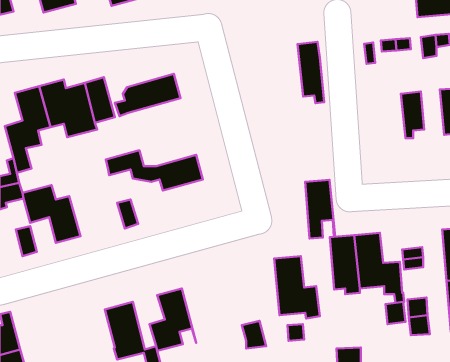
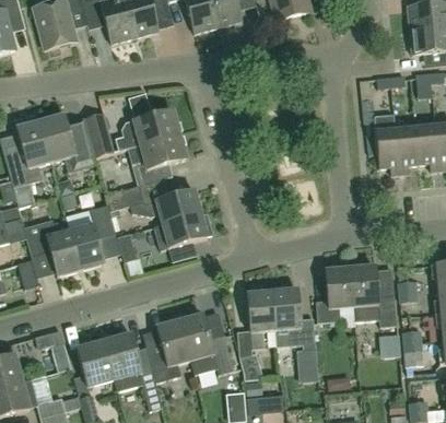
building: [298,42,324,103] -> [374,113,400,173]
building: none -> [415,124,438,169]
building: none -> [128,132,186,184]
building: none -> [66,202,116,268]
building: none -> [154,212,212,248]
building: [305,180,335,239] -> [247,290,277,348]
building: none -> [180,313,234,373]
building: none -> [35,329,70,369]
building: none -> [77,340,115,385]

